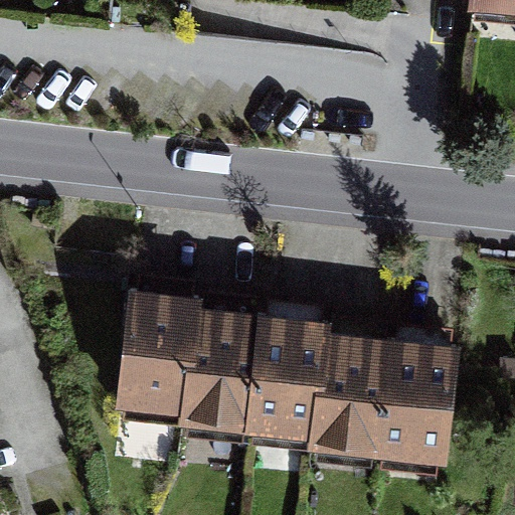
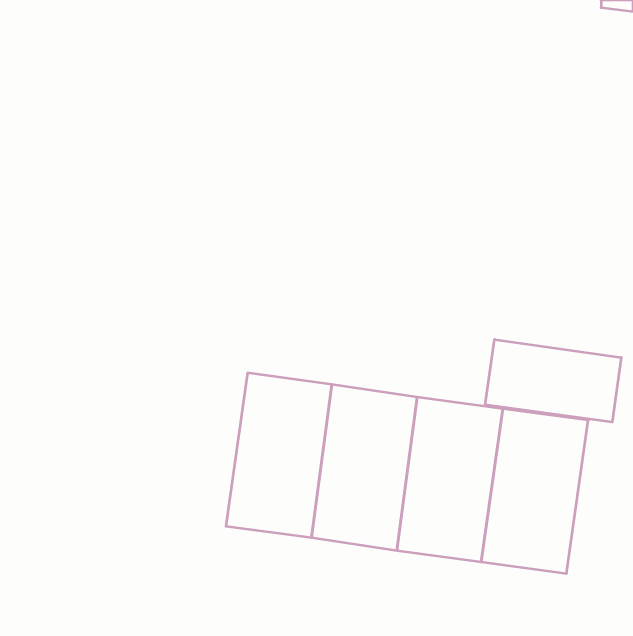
building: none -> [485,339,621,422]
building: [111,298,195,427] -> none

